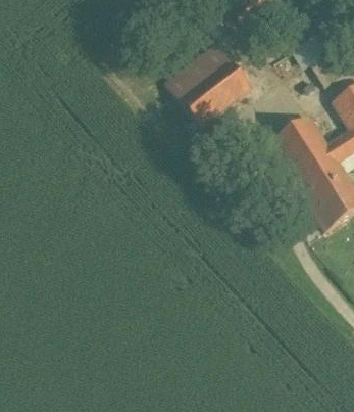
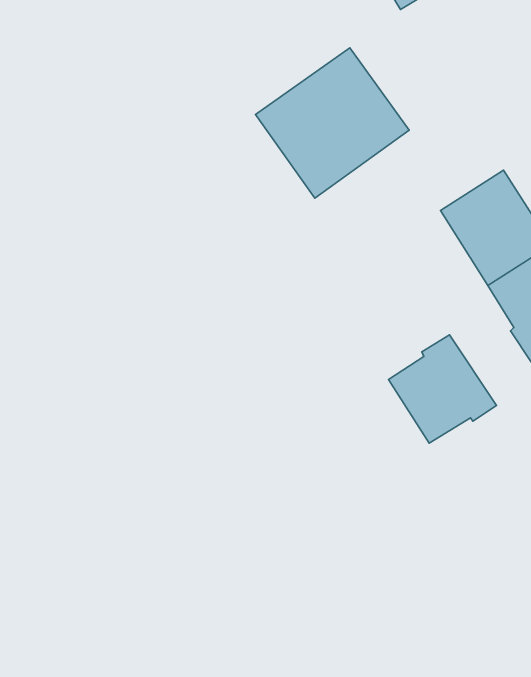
building: none -> [388,335,496,443]

